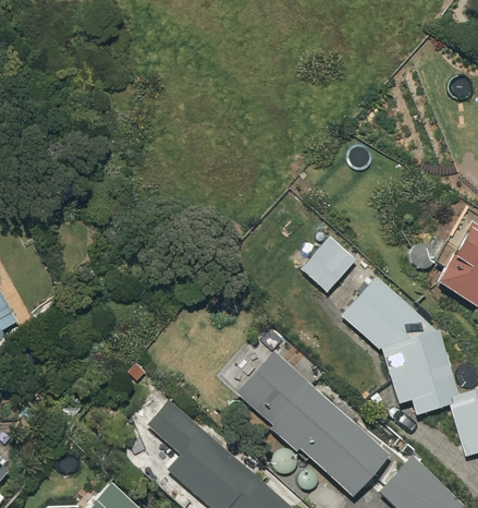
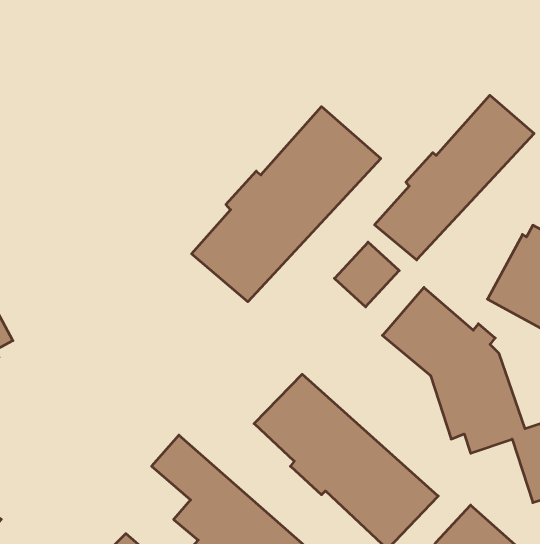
building: none -> [375,95,534,260]
building: none -> [192,107,381,302]

